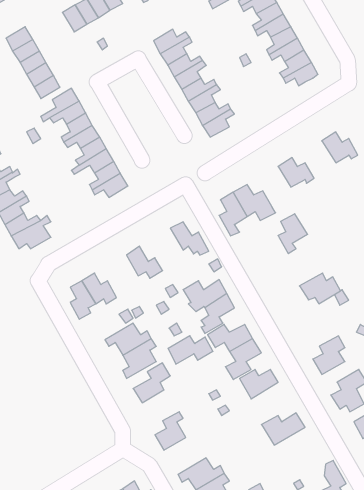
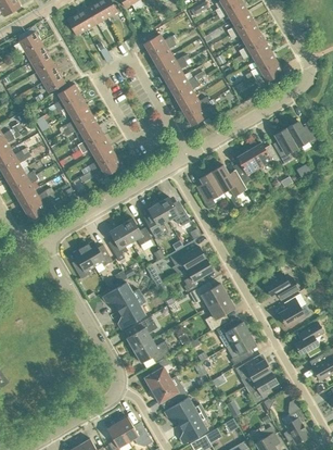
building: none -> [273,128,297,163]
building: [278,214,308,254] -> [234,150,259,184]
building: none -> [148,202,168,238]
building: none -> [108,225,130,261]
building: [299,273,340,304] -> [264,274,298,300]
building: [168,336,213,364] -> [133,339,171,363]
building: none -> [226,333,256,365]
building: none -> [245,371,278,403]
building: none -> [152,376,187,402]

